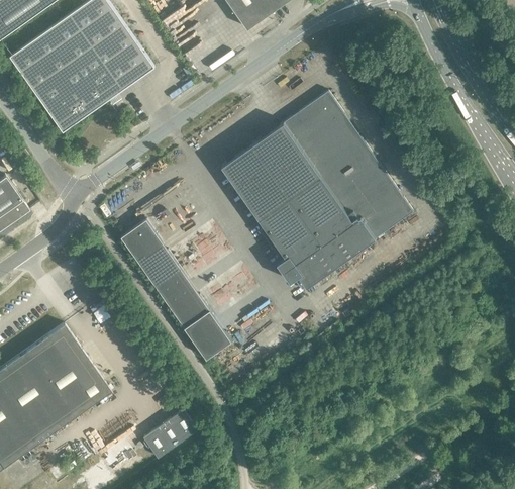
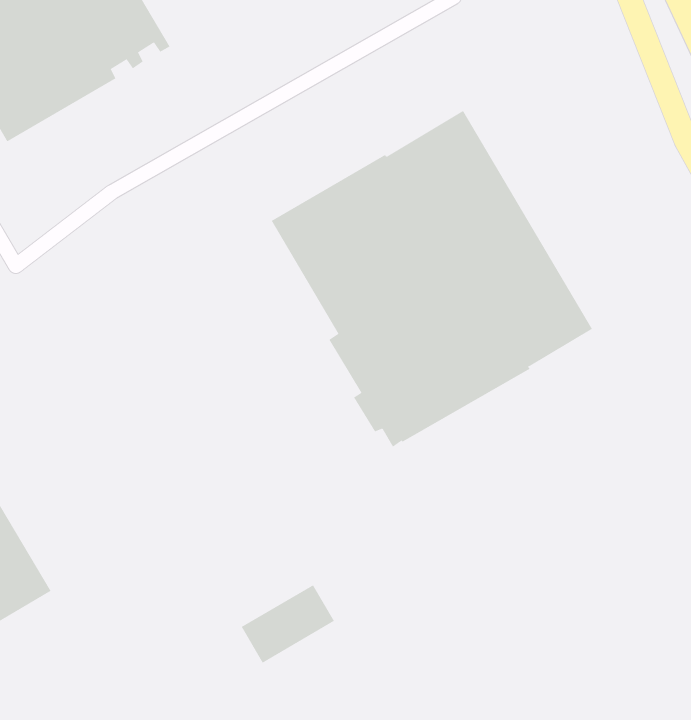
building: [120,219,231,359] -> none
building: [143,409,198,458] -> [241,584,335,663]

